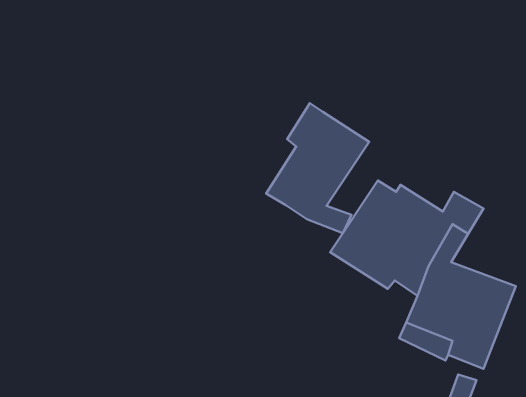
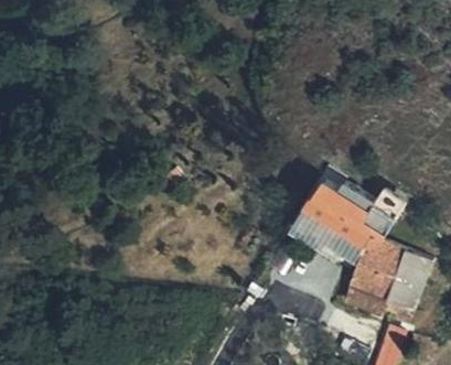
building: [266,103,369,233] -> none

